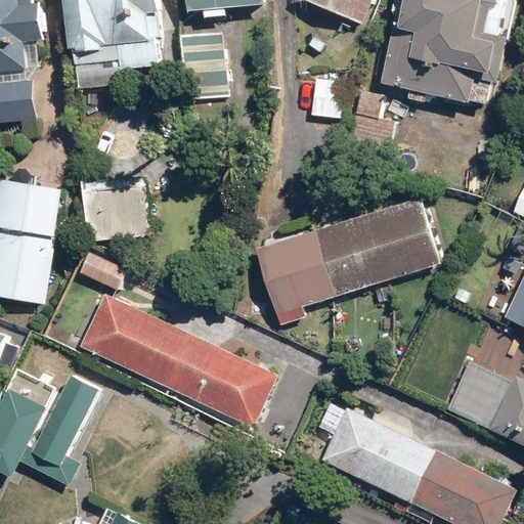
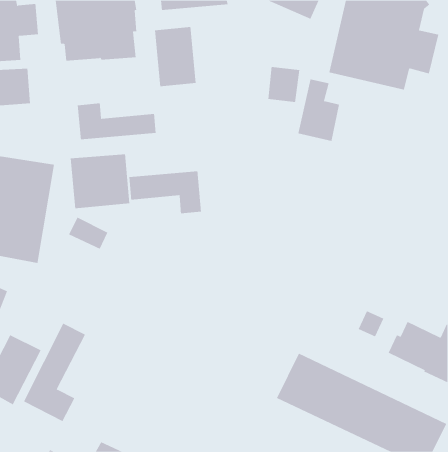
building: none -> [77,103,156,140]
building: none -> [129,170,202,214]
building: [256,198,439,315] -> none
building: [80,294,276,428] -> none

